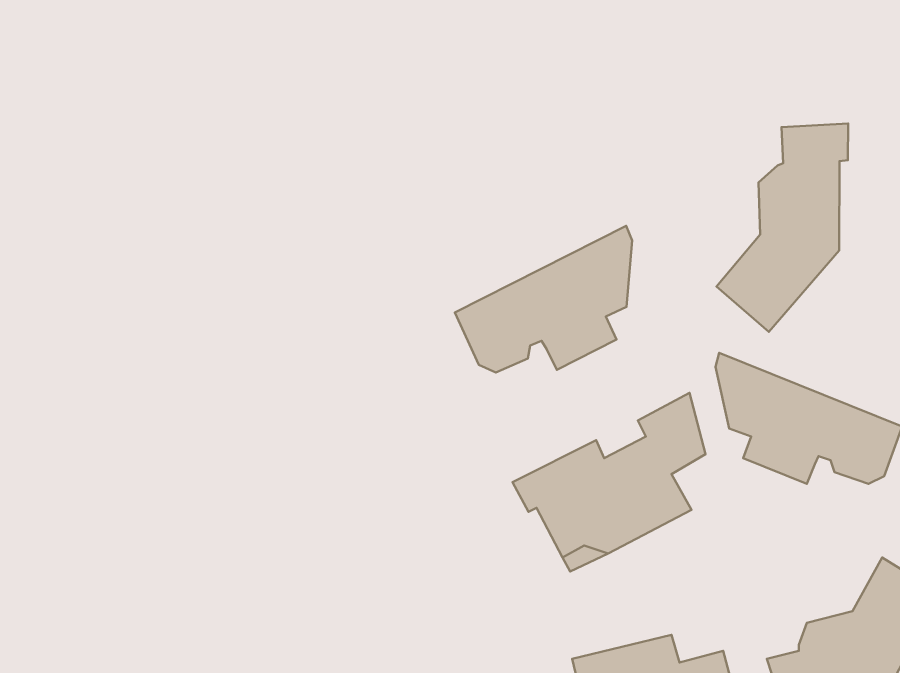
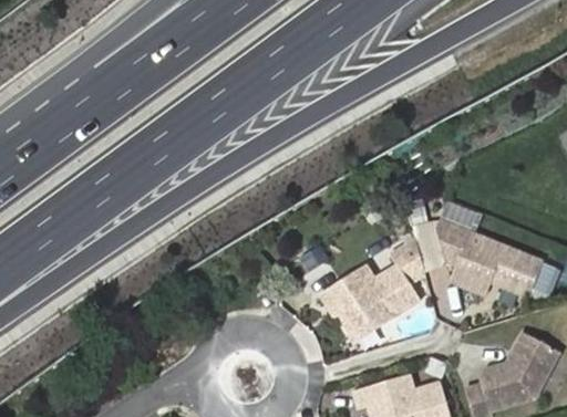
building: [717,123,848,332] -> none
building: [455,226,632,373] -> none

